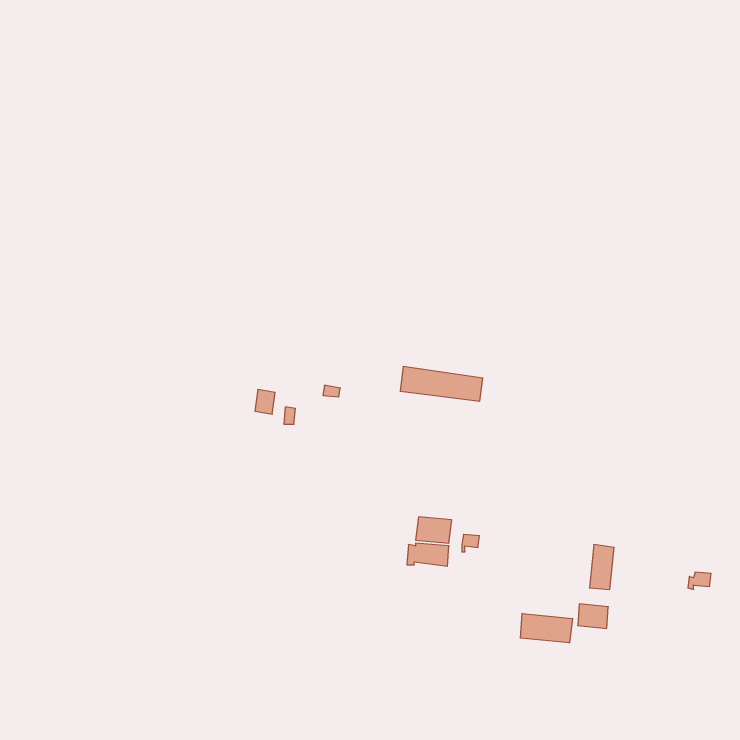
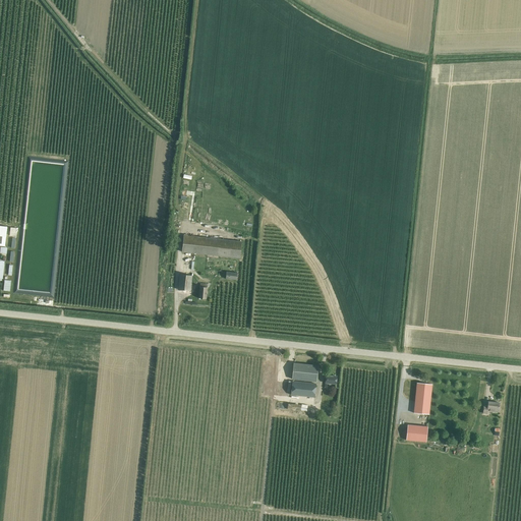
building: [400,367,483,401] -> [185,233,243,257]
building: [521,613,573,643] -> none

